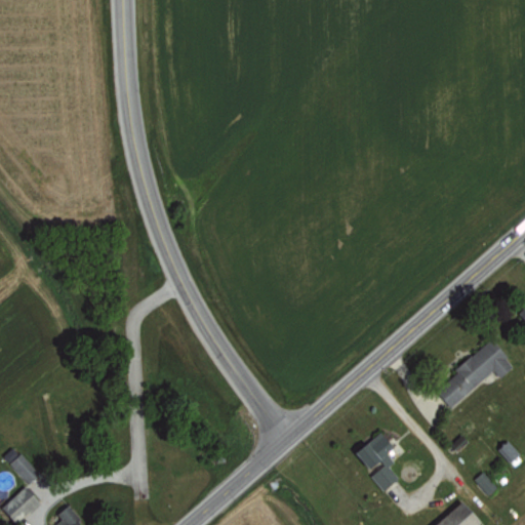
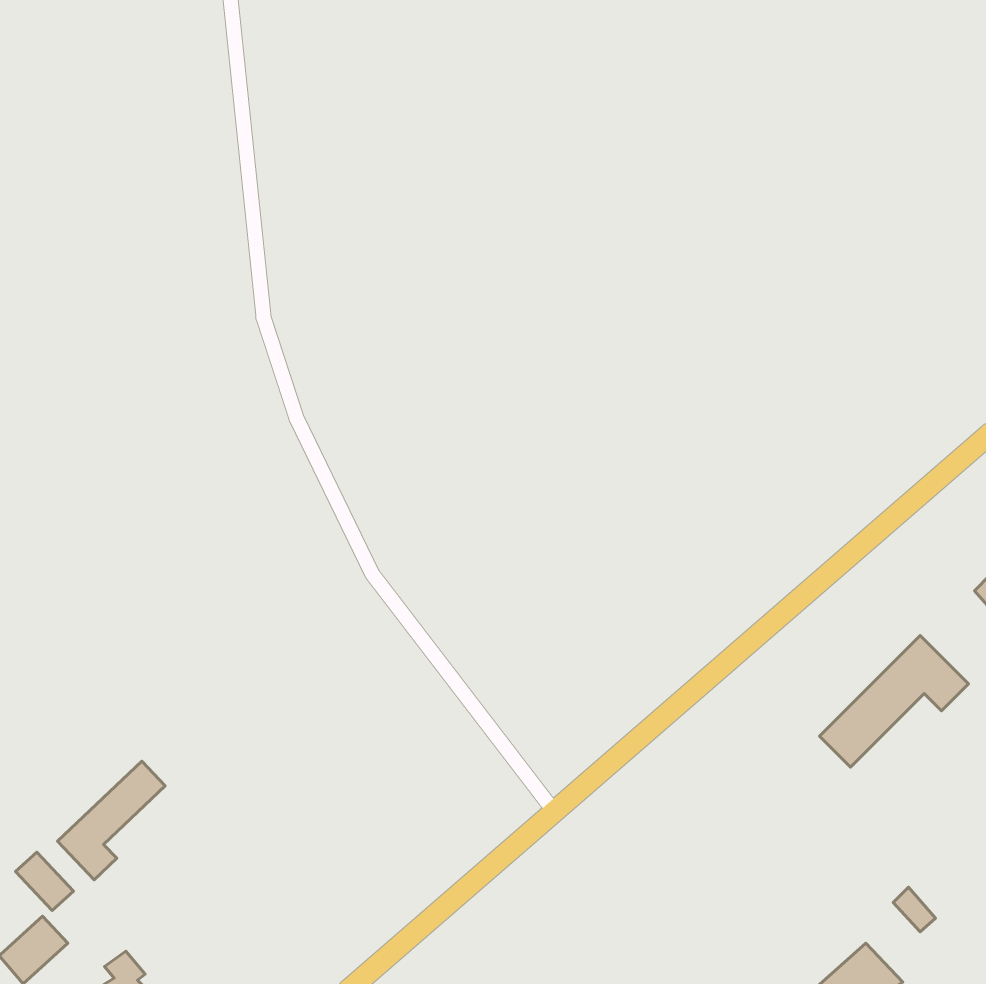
building: none -> [57,761,165,880]
building: [354,433,399,492] -> none

